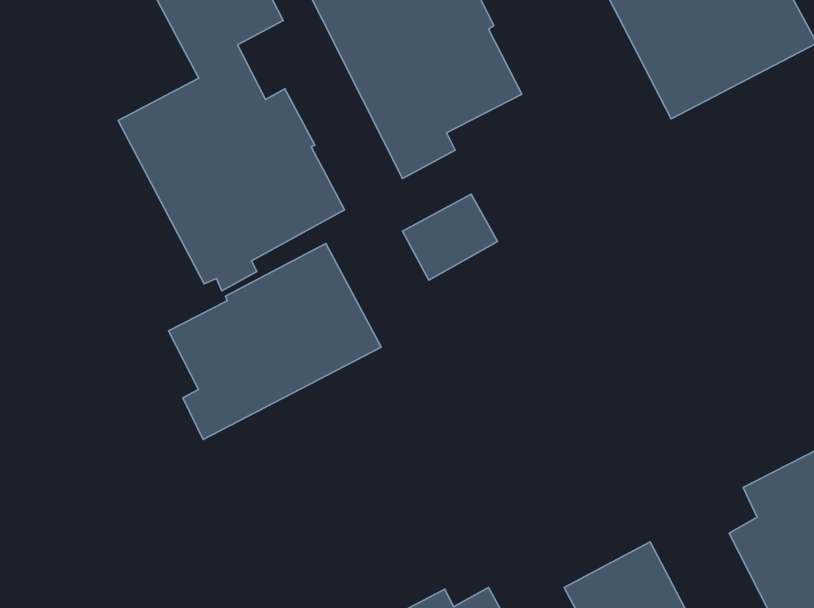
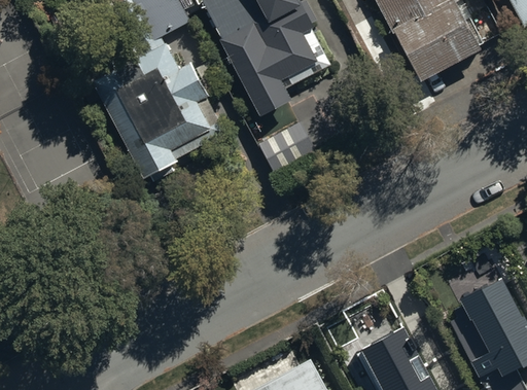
building: [169,244,381,440] -> none

